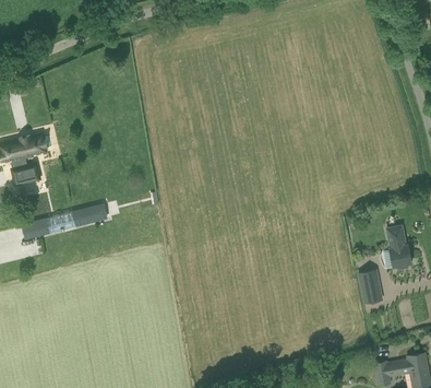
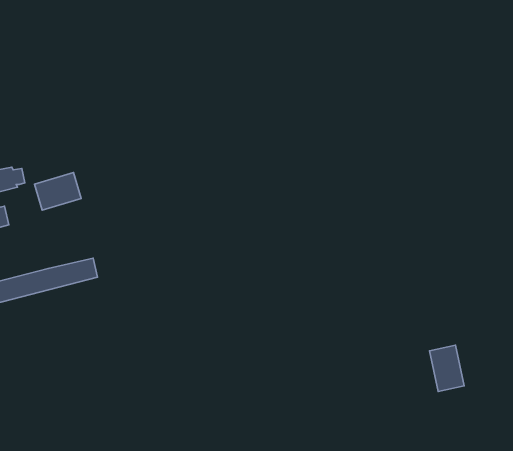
building: none -> [35,172,81,210]
building: [387,225,412,269] -> none

